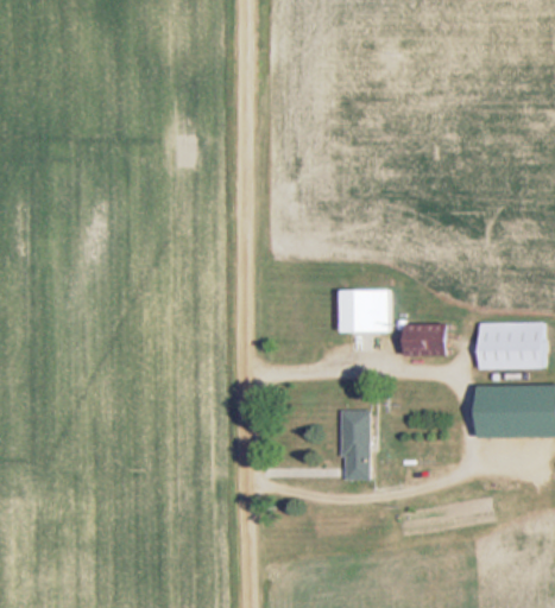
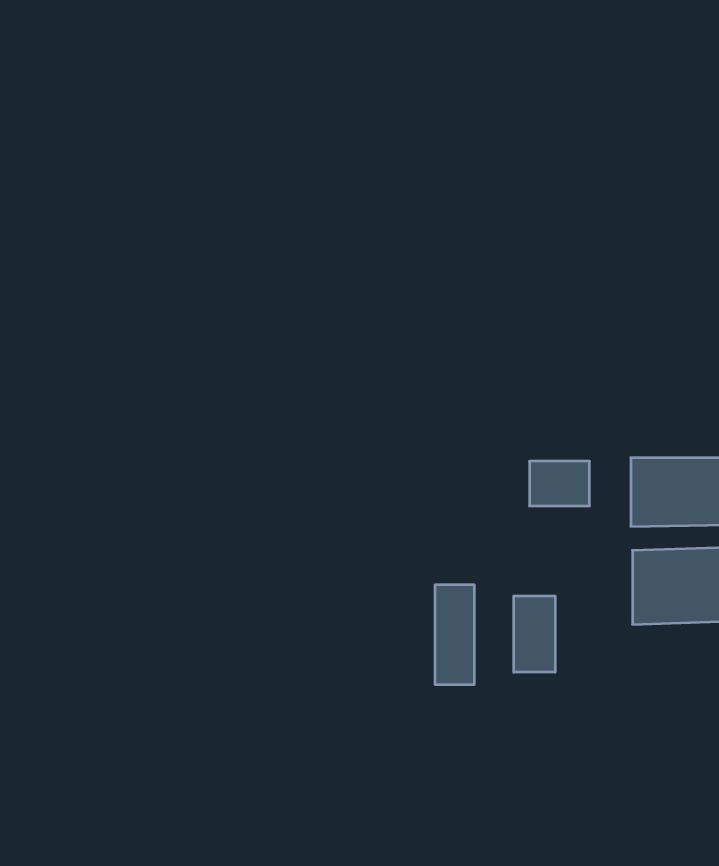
building: [340,290,387,334] -> none
building: none -> [514,596,555,672]

